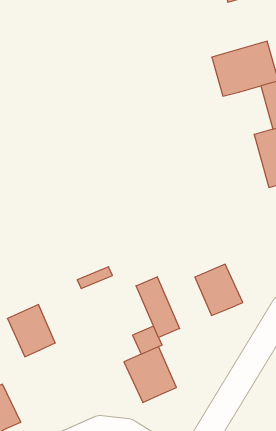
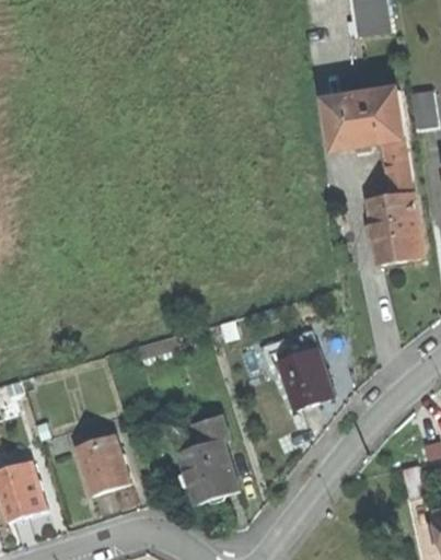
building: [136,277,180,338] -> none
building: [7,305,55,357] -> [74,433,128,493]

